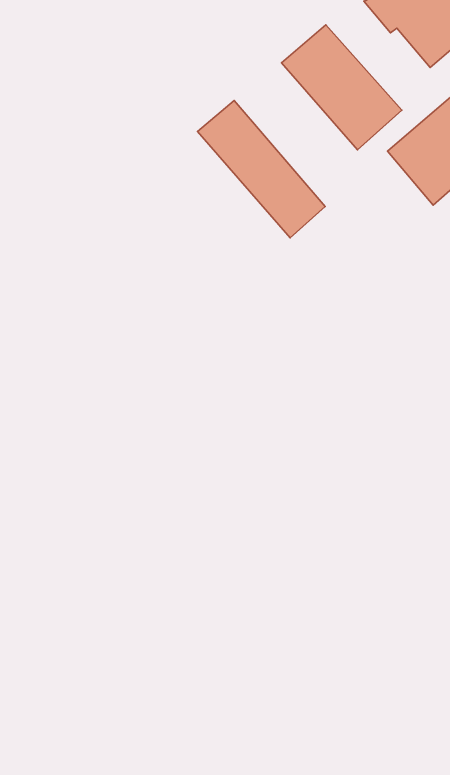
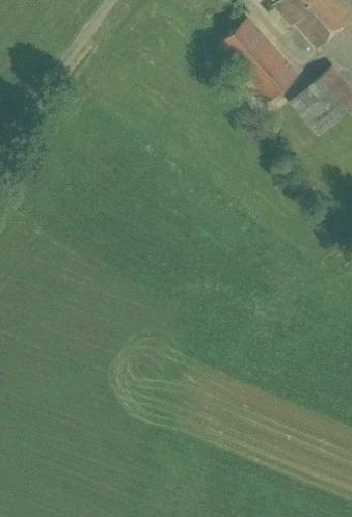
building: [197,101,325,238] -> none

